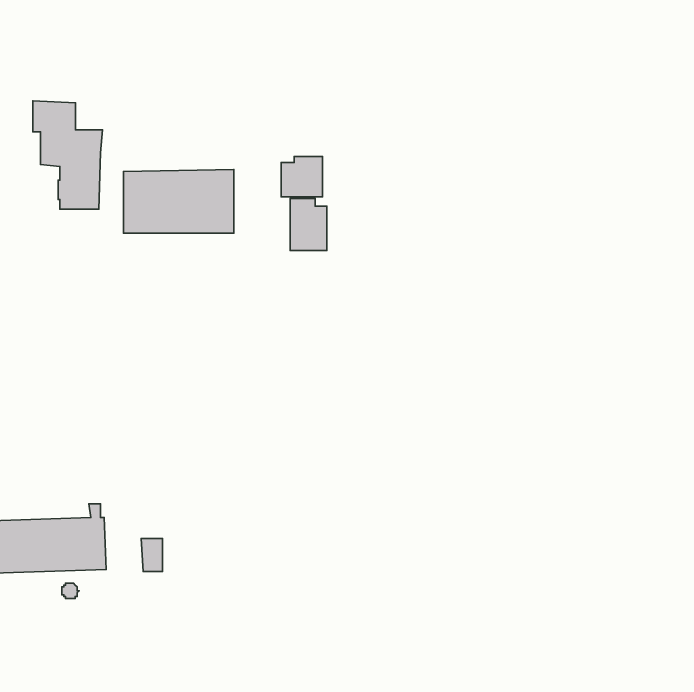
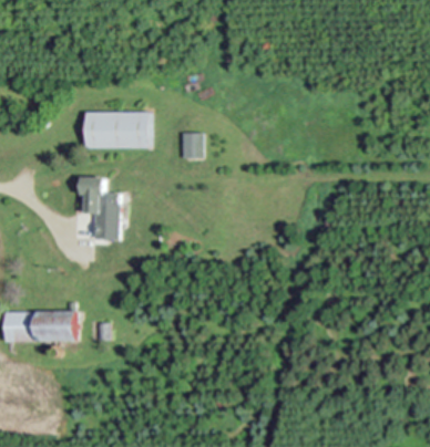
building: [33,101,103,209] -> [79,177,119,239]
building: [281,156,323,197] -> none

